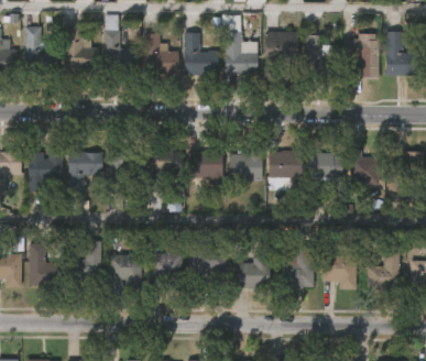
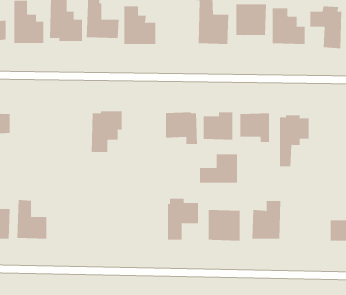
building: [181,33,217,77] -> none
building: [146,146,181,192] -> none
building: [349,150,378,183] -> none
building: [26,151,61,192] -> none
building: [67,151,100,192] -> none
building: none -> [200,154,238,184]
building: [64,240,100,281] -> none
building: [146,252,182,288] -> none
building: [107,254,140,287] -> none
building: [321,255,354,289] -> none

